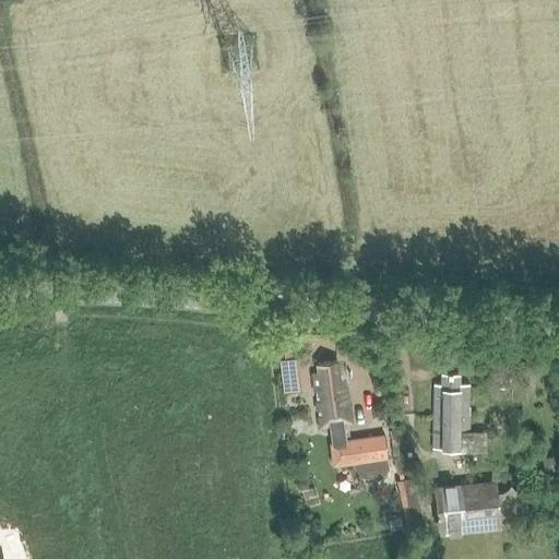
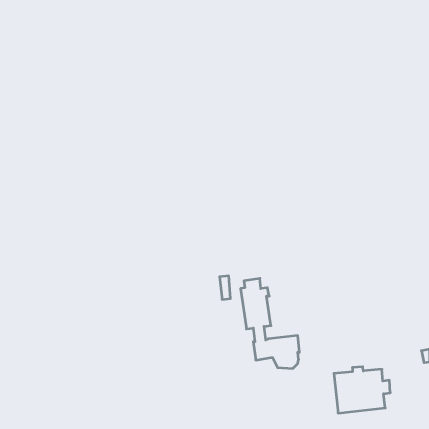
building: [435,377,468,449] -> none

